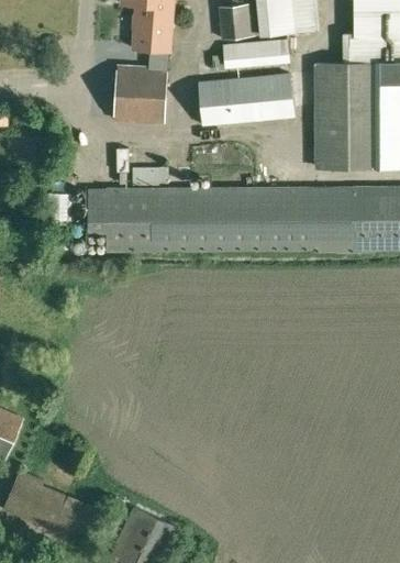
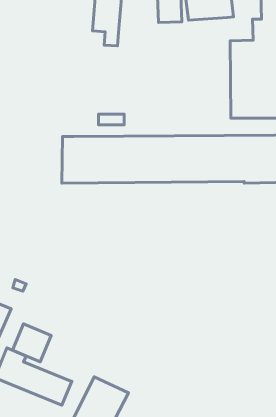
building: [221,41,287,68] -> none
building: [112,67,165,123] -> none
building: [197,75,292,125] -> none
building: none -> [12,324,51,362]

